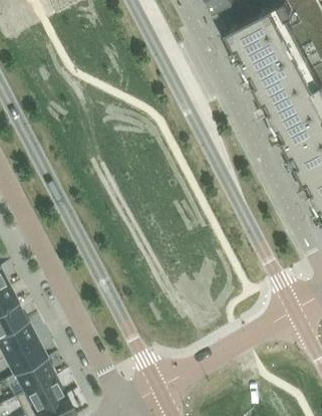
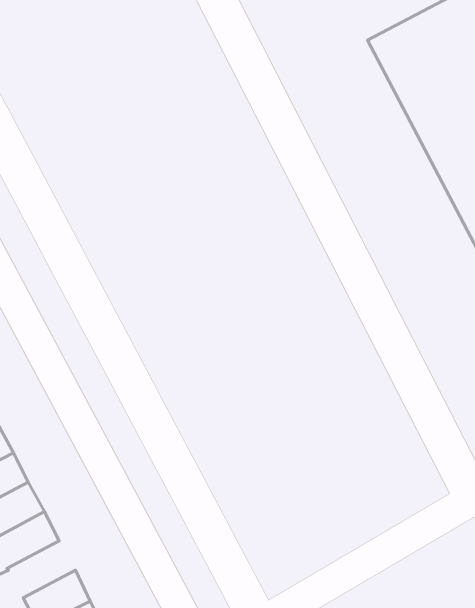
building: [5,338,47,373] -> none

